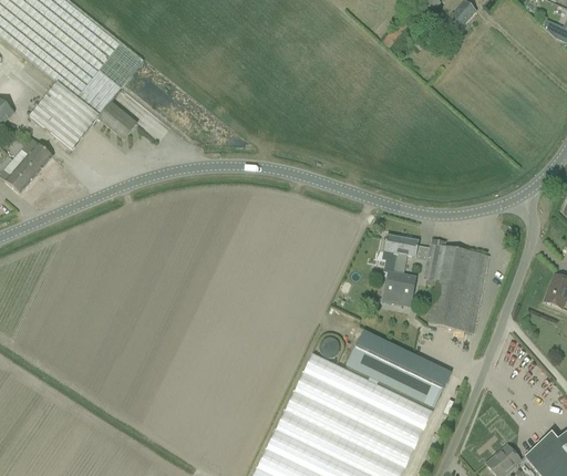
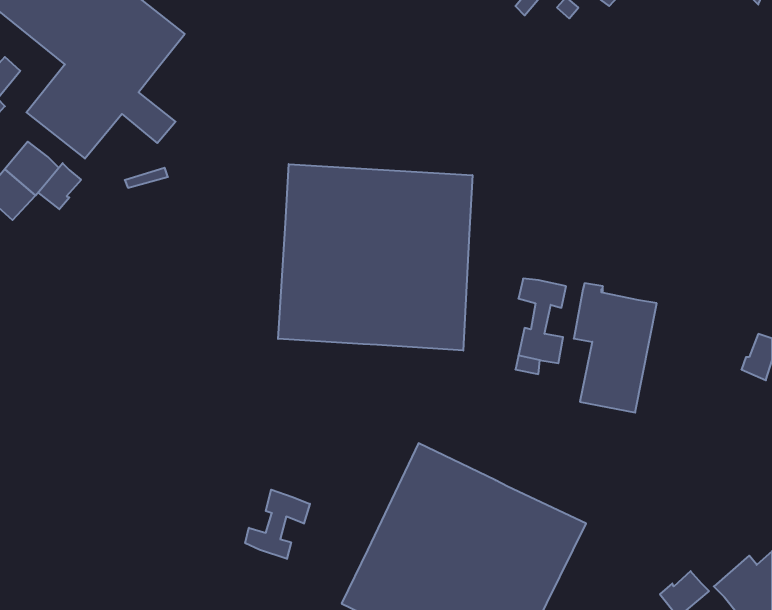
building: none -> [38,163,81,209]
building: none -> [278,164,472,351]
building: [344,330,450,407] -> none
building: none -> [245,490,310,559]

